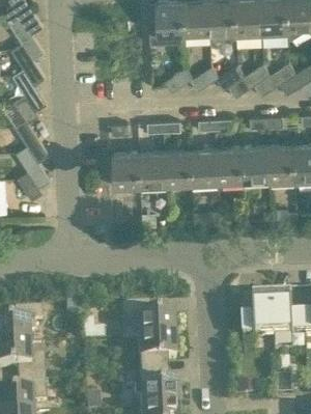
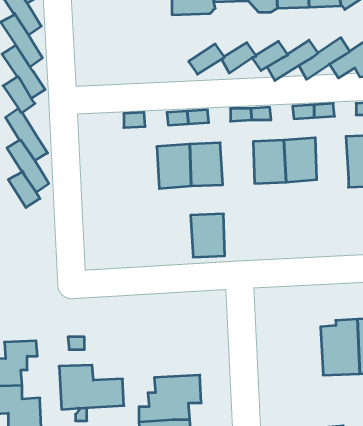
building: [267,144,294,187] -> none
building: [190,148,218,184] -> [191,214,225,257]
building: [112,153,140,188] -> none
building: [239,296,274,340] -> none
building: [120,306,173,342] -> [59,365,124,409]

